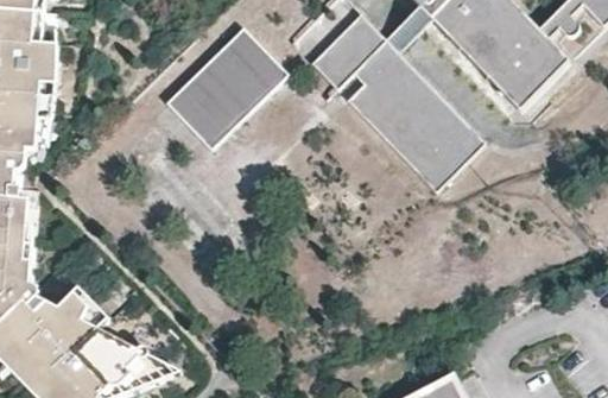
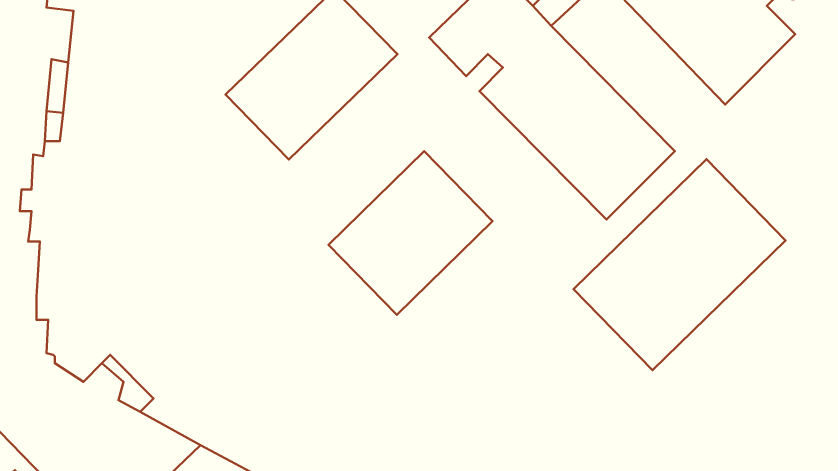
building: none -> [328,151,493,315]
building: none -> [574,159,786,370]

